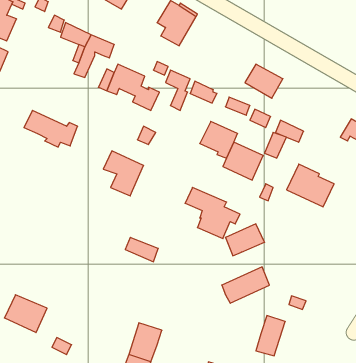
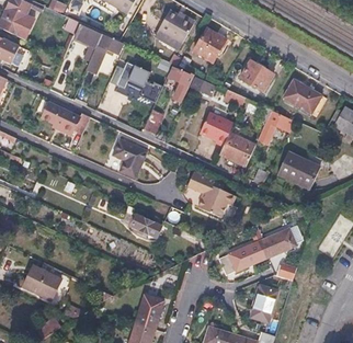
building: none -> [194,27,226,60]
building: none -> [283,79,321,114]
building: [225,224,265,256] -> [255,230,291,259]

